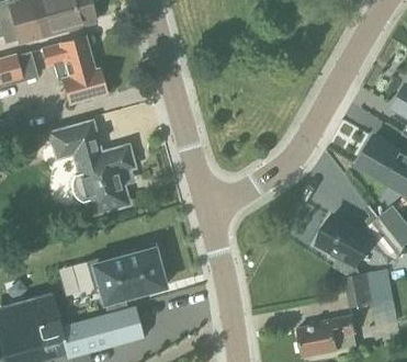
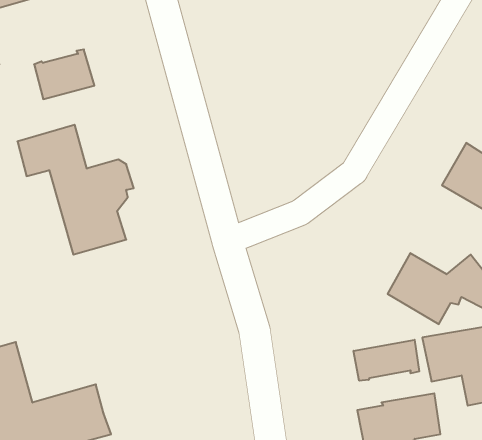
building: [42,36,93,77] -> none
building: [88,241,171,331] -> none
building: none -> [354,340,419,381]

